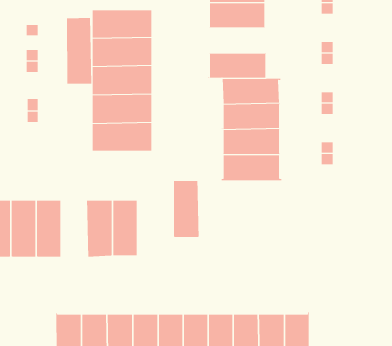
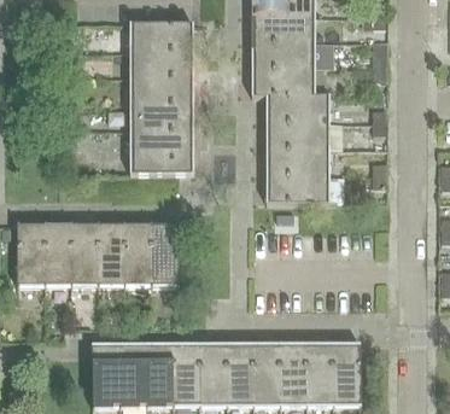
building: [67,17,92,85] -> none
building: none -> [250,41,314,68]
building: [173,178,199,239] -> [95,221,123,285]

